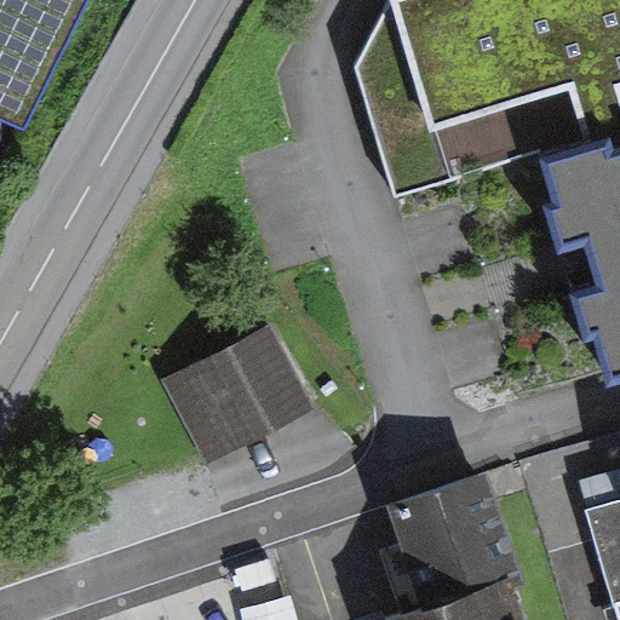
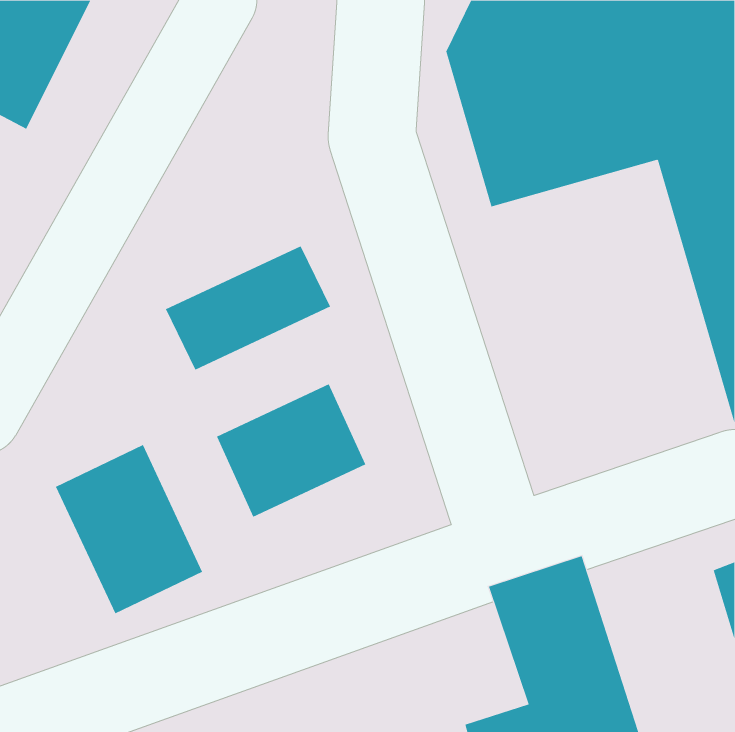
building: none -> [165,245,331,370]
building: none -> [55,444,203,614]

